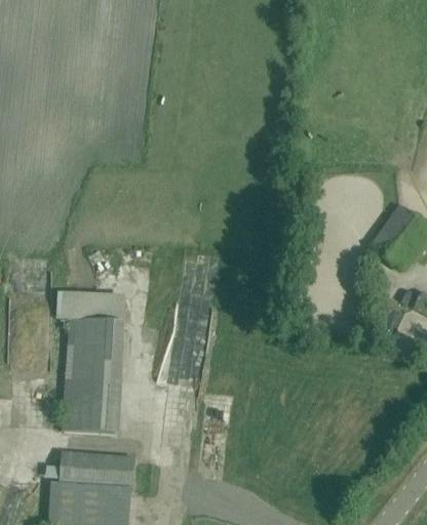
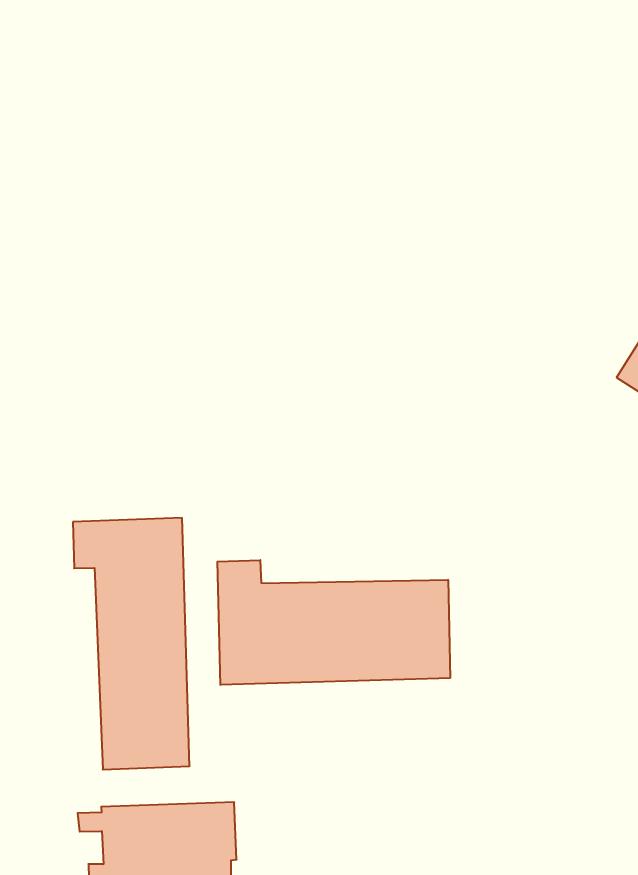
building: none -> [217,560,450,685]

